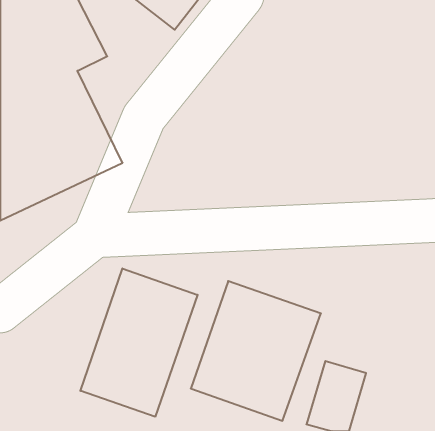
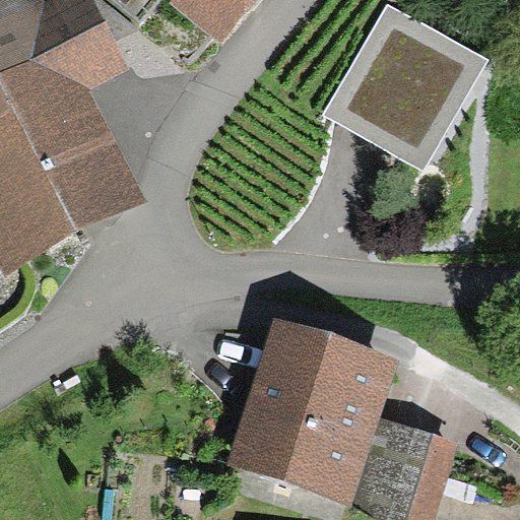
building: none -> [338,17,473,157]
building: [80,268,198,417] -> none

